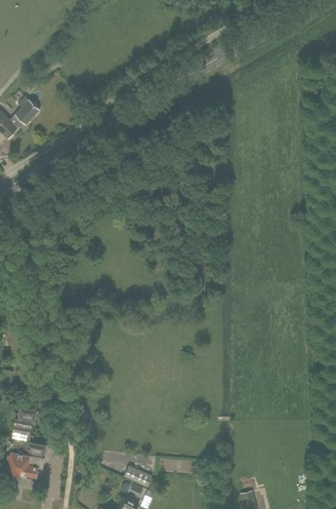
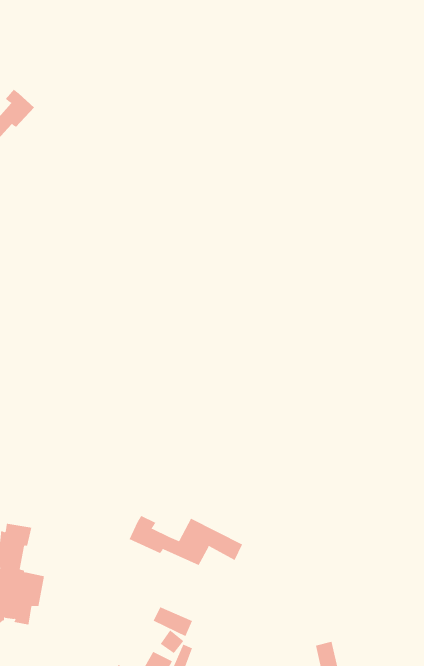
building: none -> [129,515,243,566]

